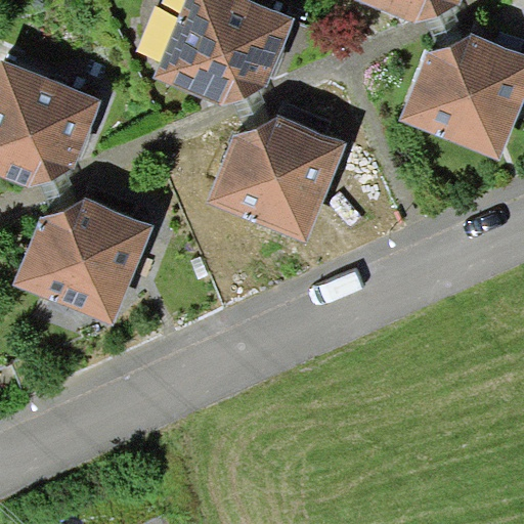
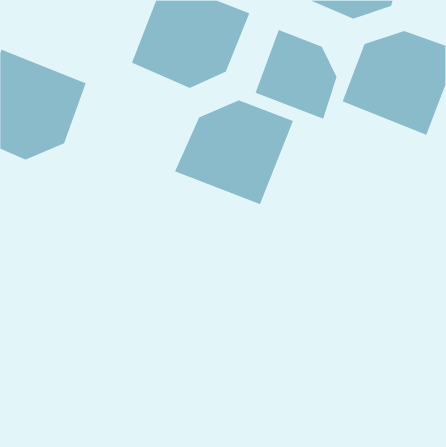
building: none -> [255,29,337,120]
building: [12,196,152,323] -> none

